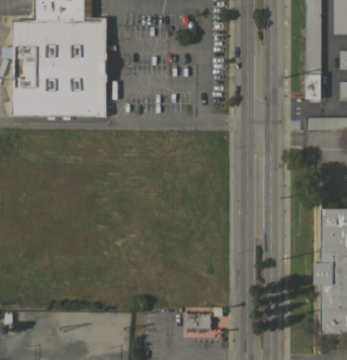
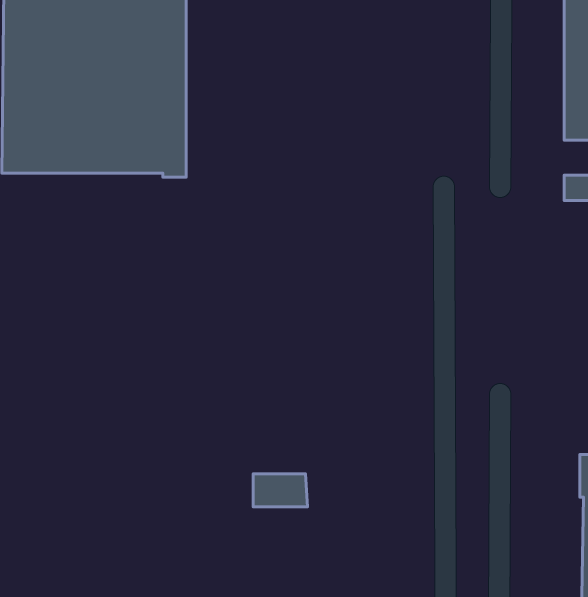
building: [183,313,211,331] -> [253,474,308,507]

